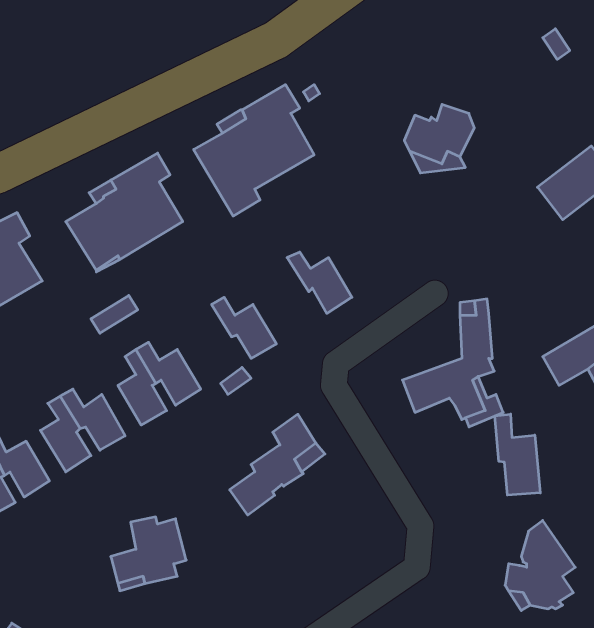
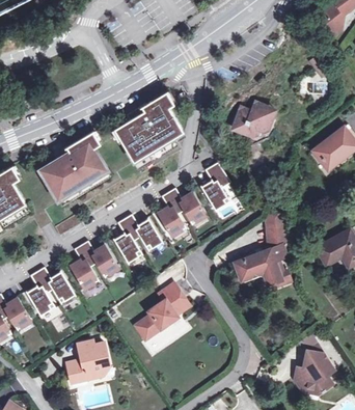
building: none -> [201,162,230,209]
building: none -> [158,191,186,236]
building: none -> [114,218,142,262]
building: [495,414,540,495] -> none

